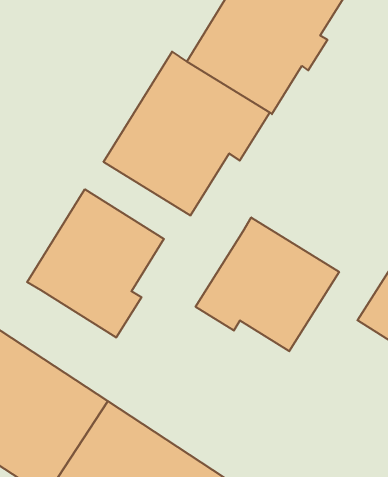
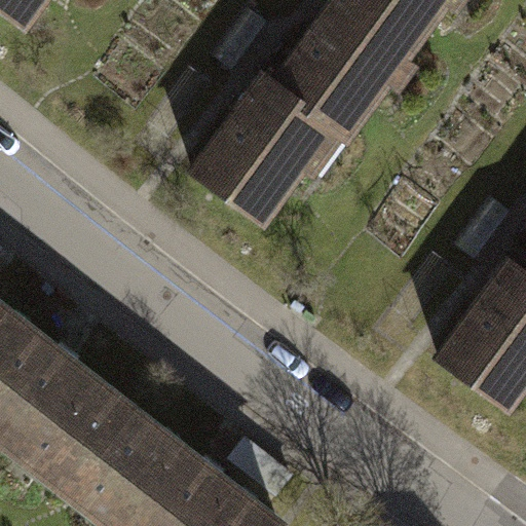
building: [27,189,164,338] -> none
building: [196,217,339,351] -> none

